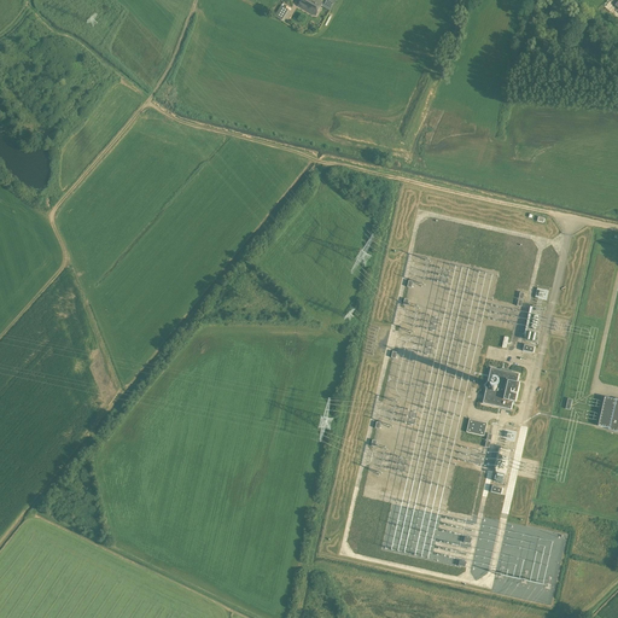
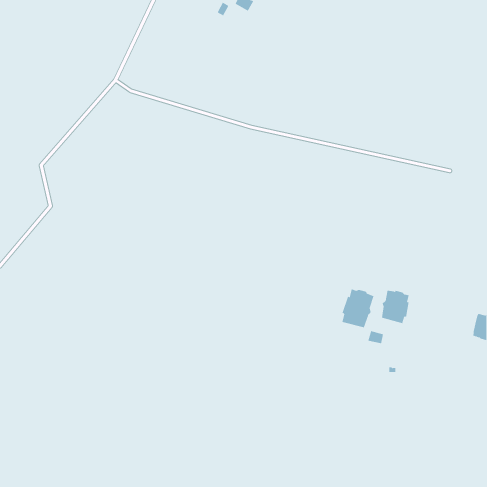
building: none -> [342,289,374,328]

